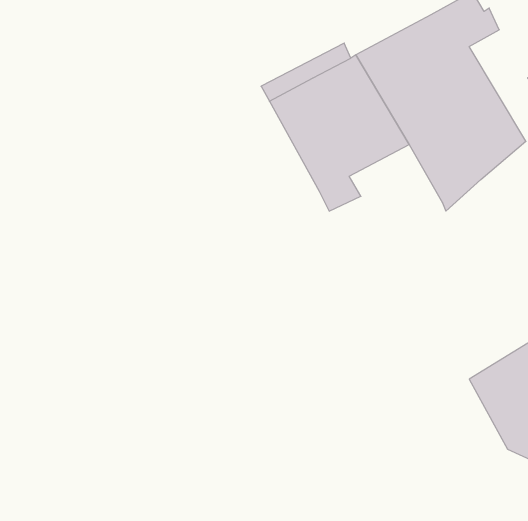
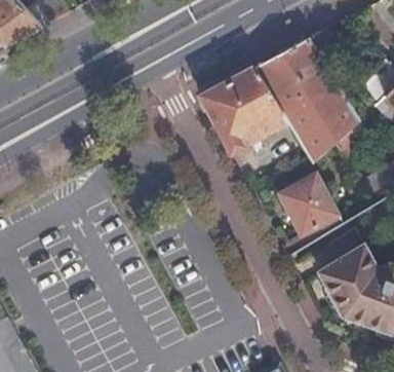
building: none -> [278,174,344,257]

